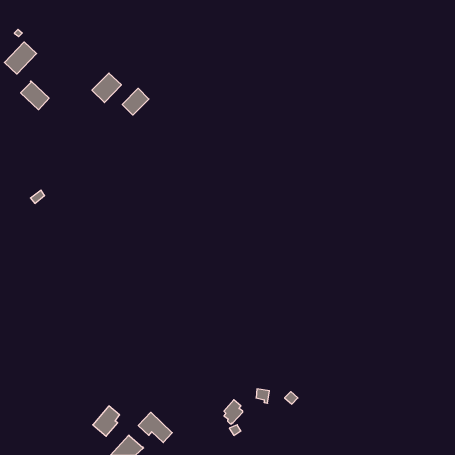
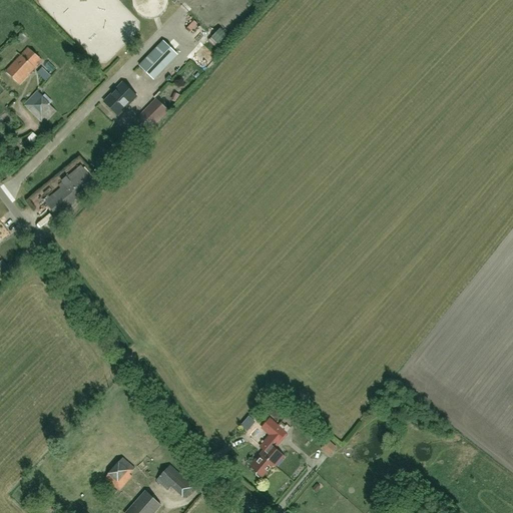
building: none -> [137,39,176,79]
building: none -> [44,165,92,214]
building: none -> [260,417,286,465]

